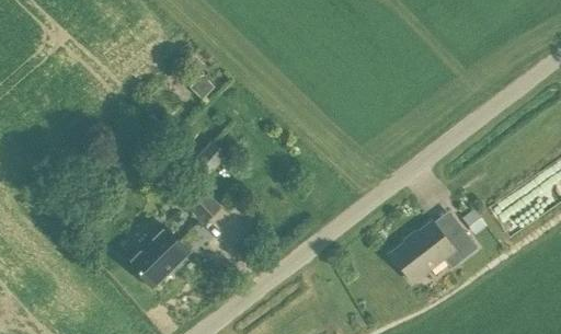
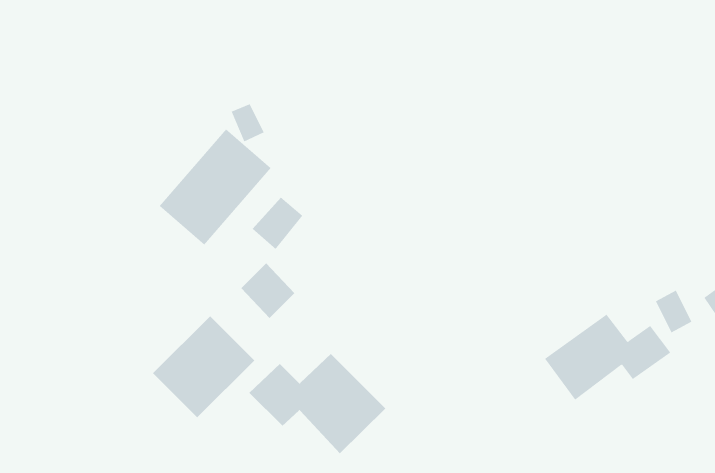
building: none -> [159,128,272,245]
building: none -> [249,353,386,454]

